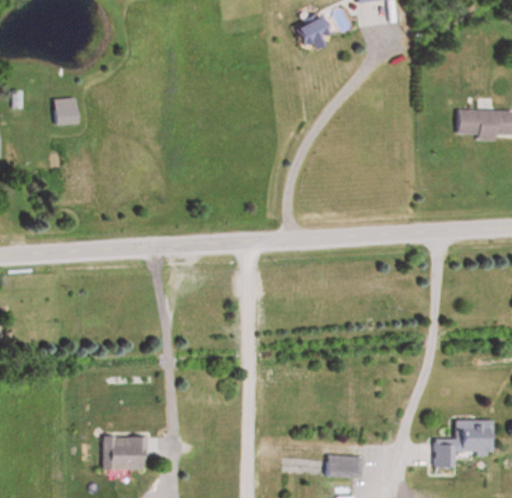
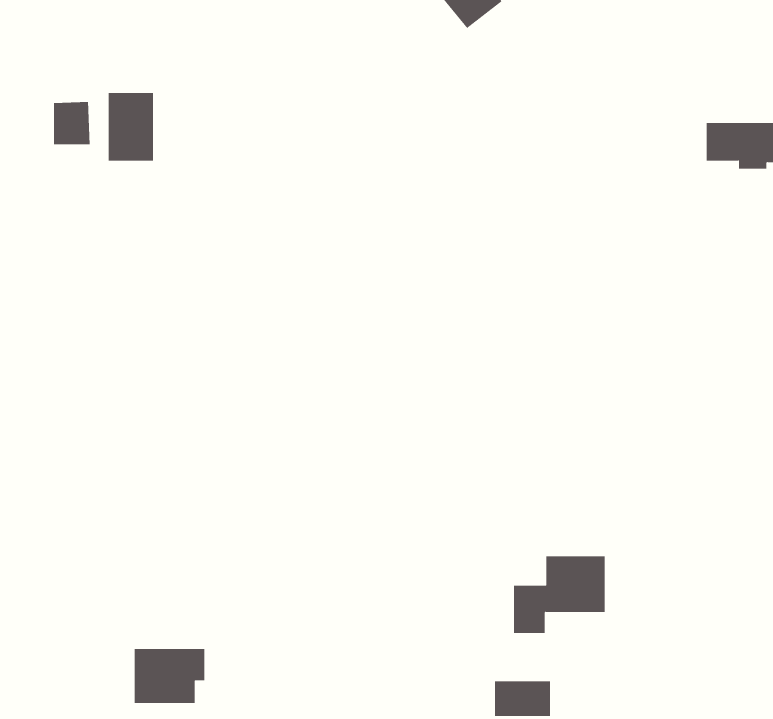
building: none -> [108,92,153,161]
building: [434,420,491,468] -> [513,556,605,633]

